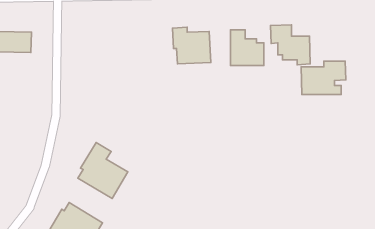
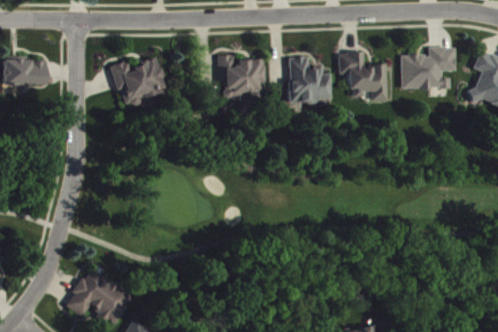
building: none -> [110,58,164,103]
building: [301,61,346,94] -> [399,47,454,88]
building: [78,143,128,198] -> none

